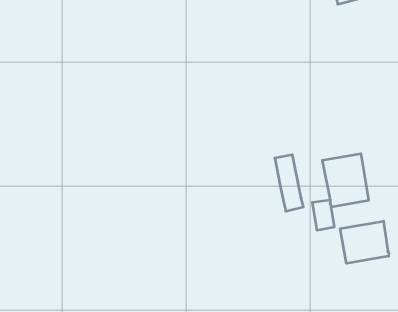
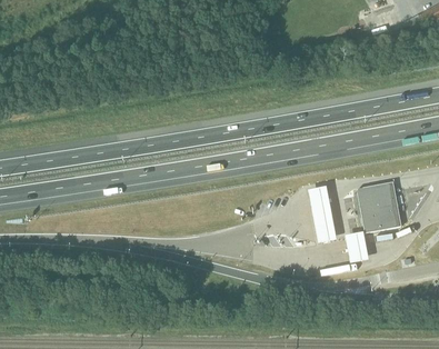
building: [340,221,389,263] -> none

